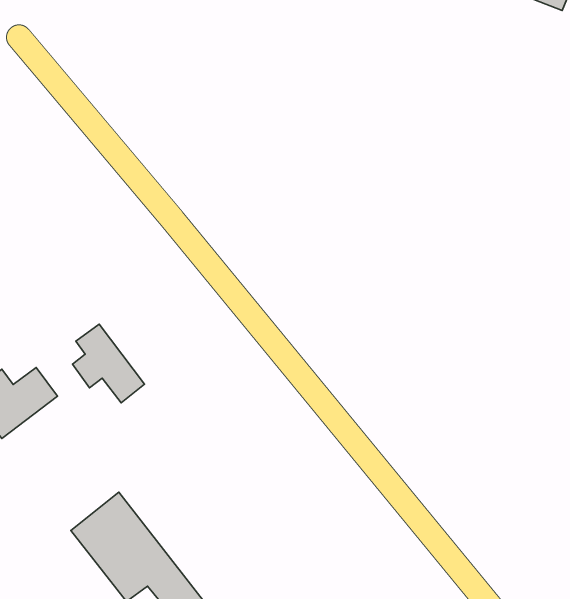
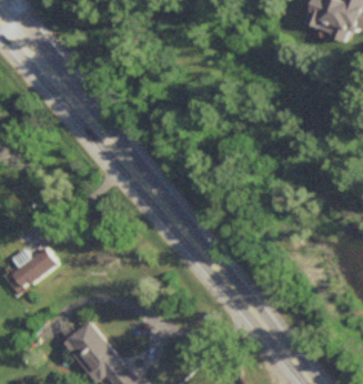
building: [72,324,145,403] -> none

